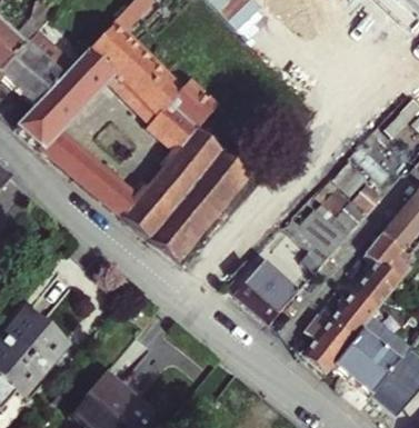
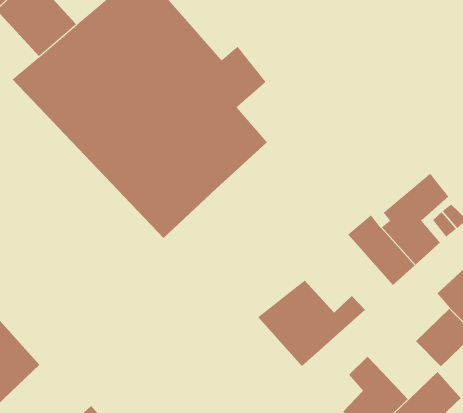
building: [150,150,249,258] -> none
building: [332,291,377,337] -> none

